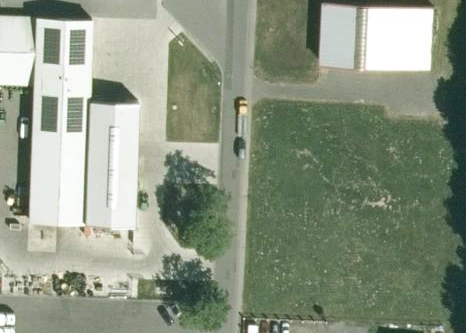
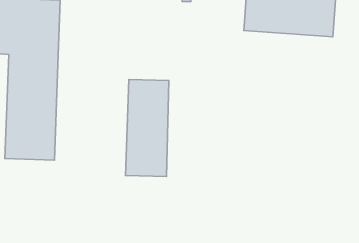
building: [84,103,138,224] -> [126,80,169,176]

